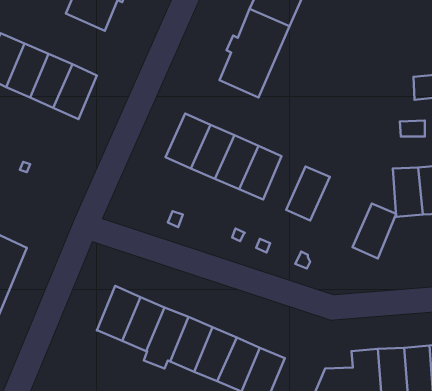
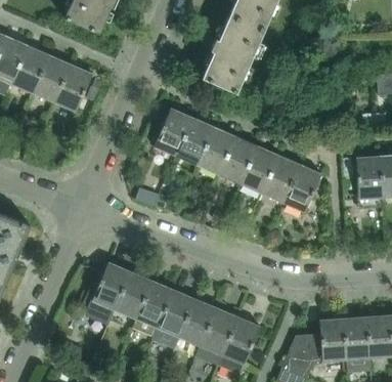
building: none -> [241,145,278,194]
building: [352,203,396,259] -> [282,164,321,213]

